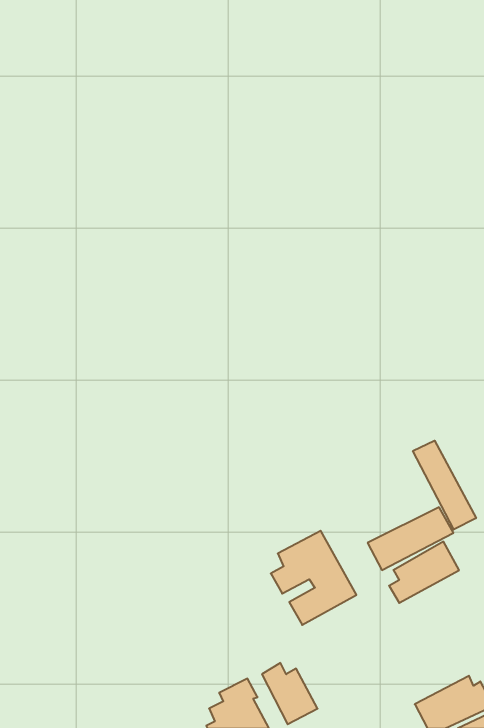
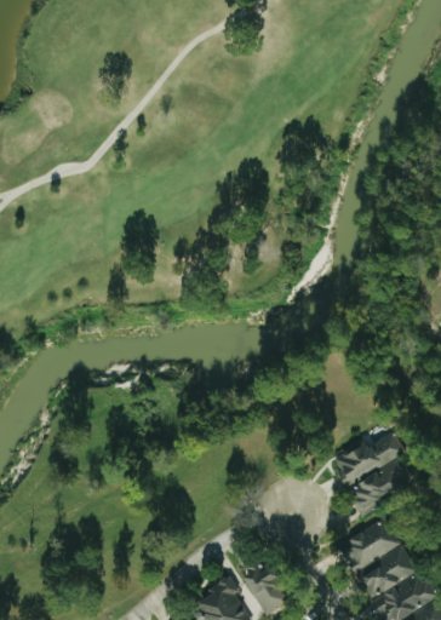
building: [413,441,476,530] -> none
building: [271,531,356,625] -> [343,518,416,598]

